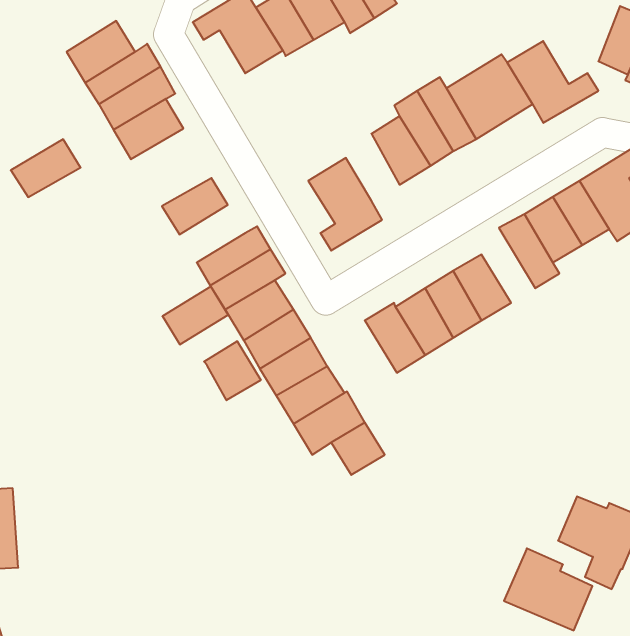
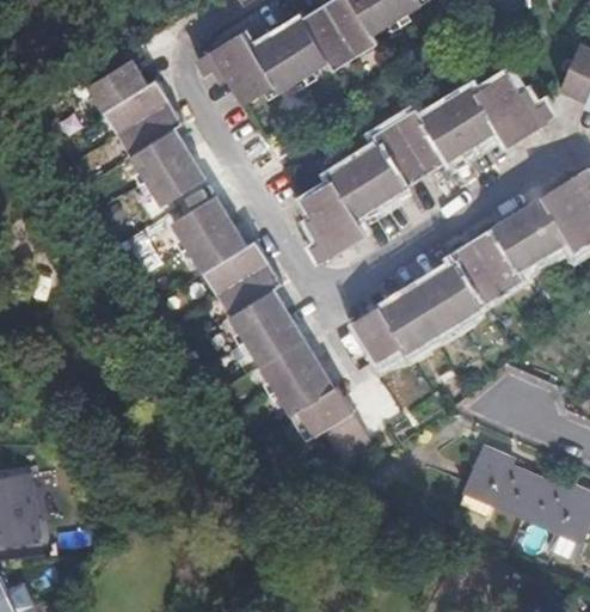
building: none -> [331,157,382,216]
building: [11,139,81,197] -> [143,152,205,203]
building: none -> [449,240,503,307]
building: [162,287,228,344] -> [186,220,245,271]
building: [204,341,261,400] -> none
building: [504,548,592,630] -> [461,446,540,519]

